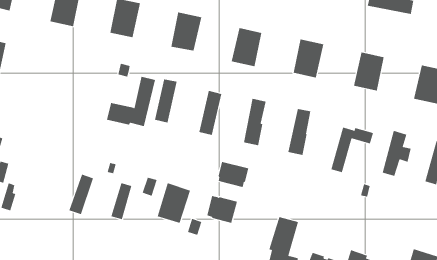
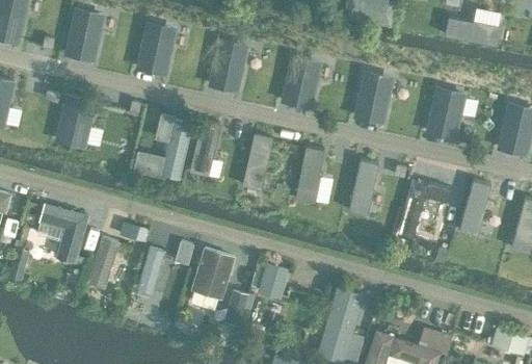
building: none -> [58,95,96,142]
building: none -> [41,204,88,261]
building: [218,161,249,188] -> none

